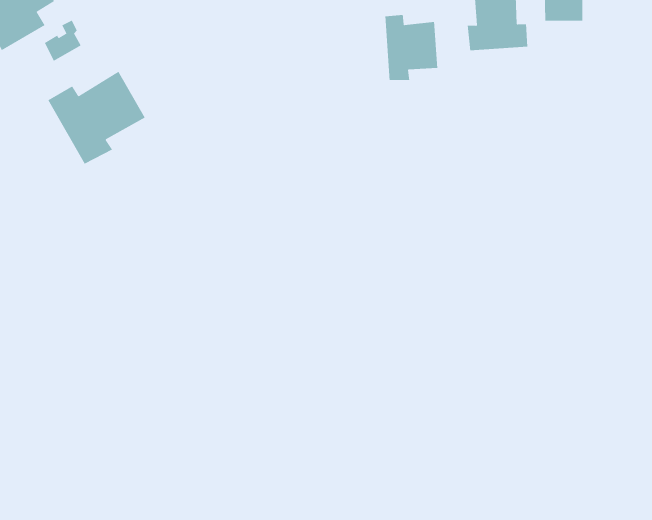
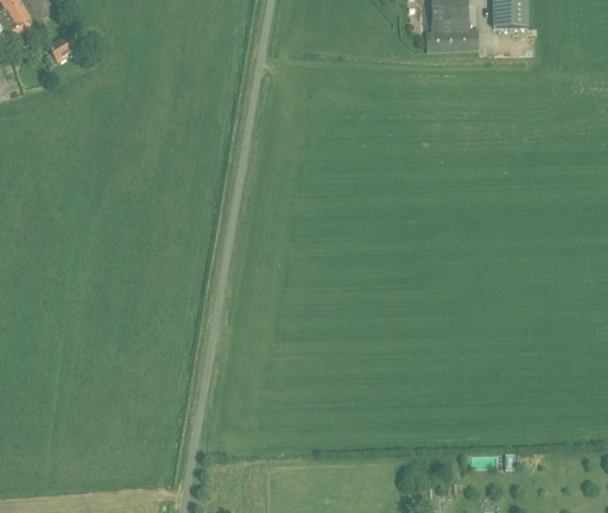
building: [385,14,438,81] -> none
building: [48,71,146,165] -> none

